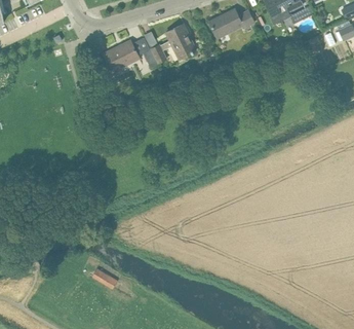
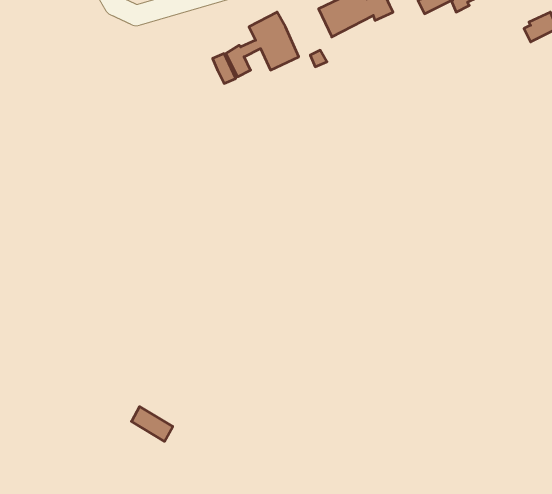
building: [104,40,140,74] -> none

